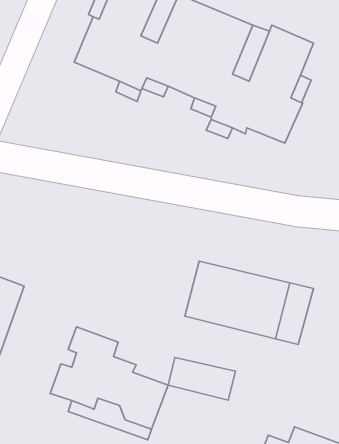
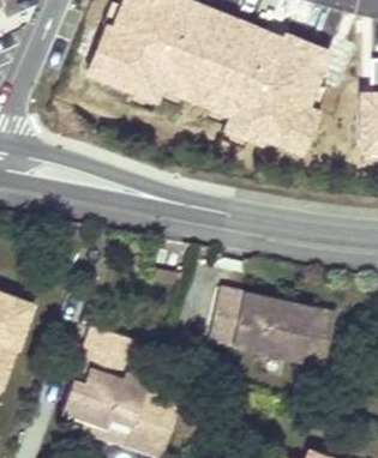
building: [168,357,236,400] -> none

